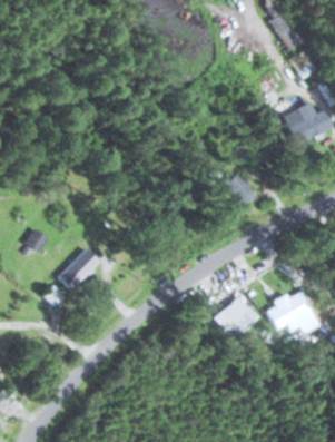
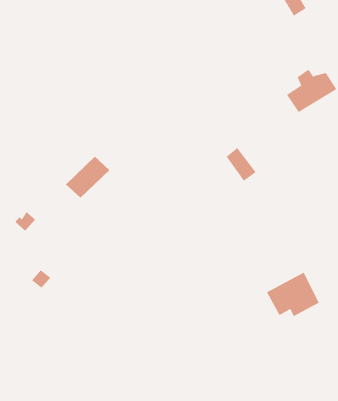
building: [59,252,101,292] -> [65,156,110,199]
building: [224,299,258,335] -> none

